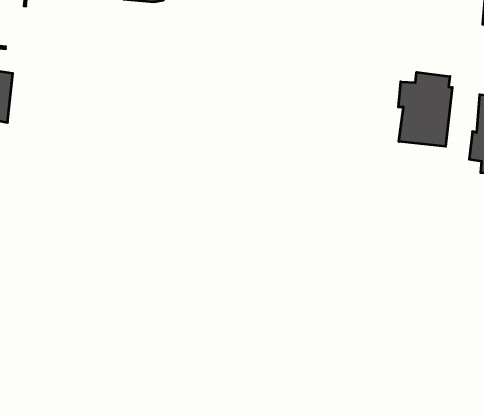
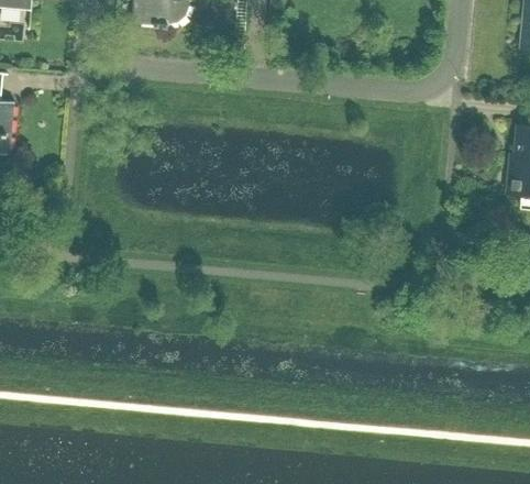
building: [398,72,452,146] -> none

